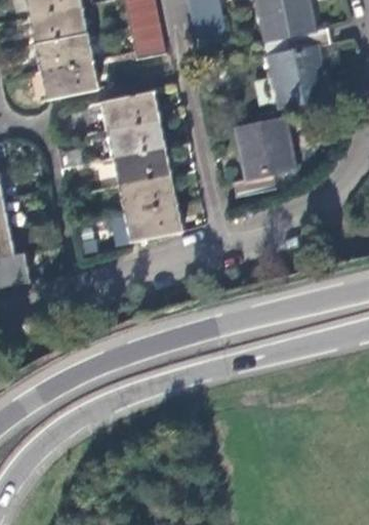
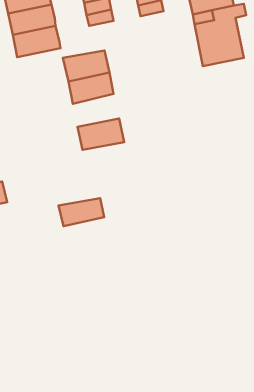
building: [234,117,296,196] -> none
building: [113,144,171,185] -> none
building: [125,204,182,239] -> [58,198,104,226]

